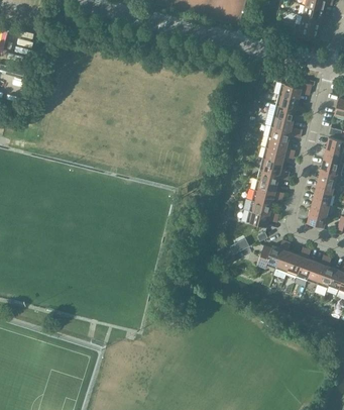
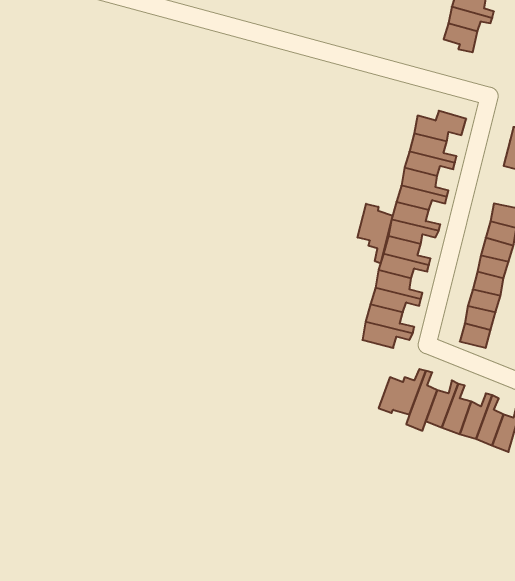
building: none -> [358,204,393,263]

